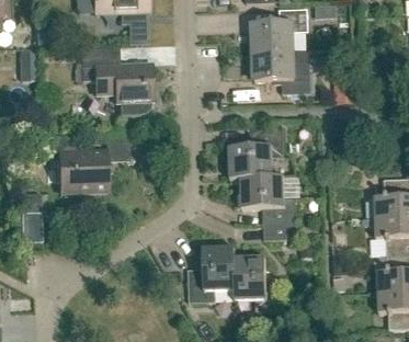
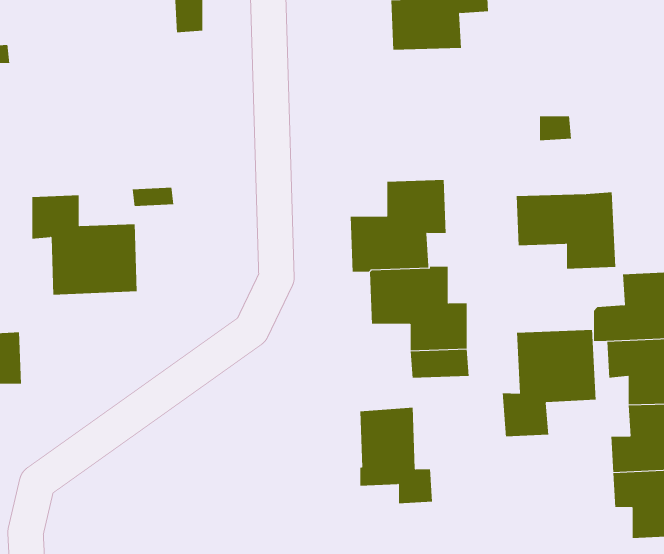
building: [80,46,151,114] -> none
building: [252,50,309,94] -> [516,192,616,269]
building: none -> [502,329,596,437]
building: [188,247,235,301] -> none

